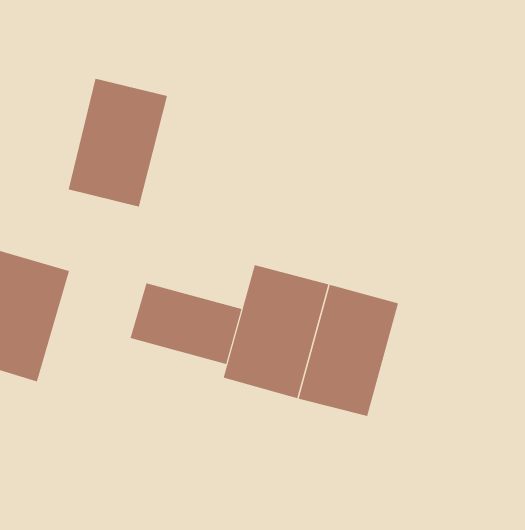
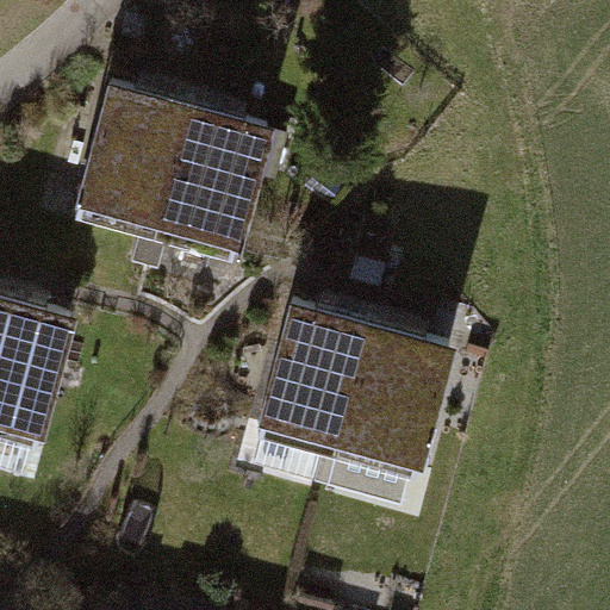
building: none -> [160,110,268,255]
building: [130,282,242,365] -> none

